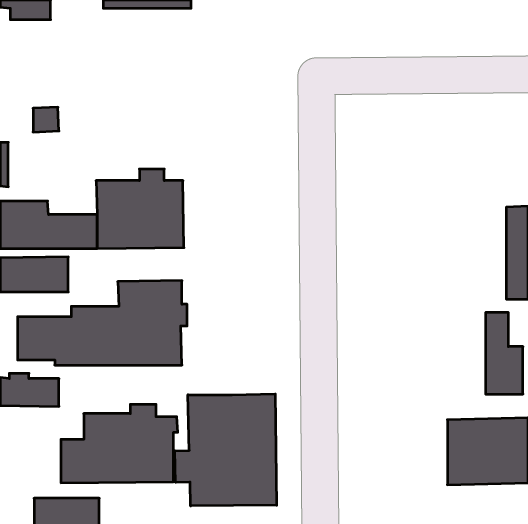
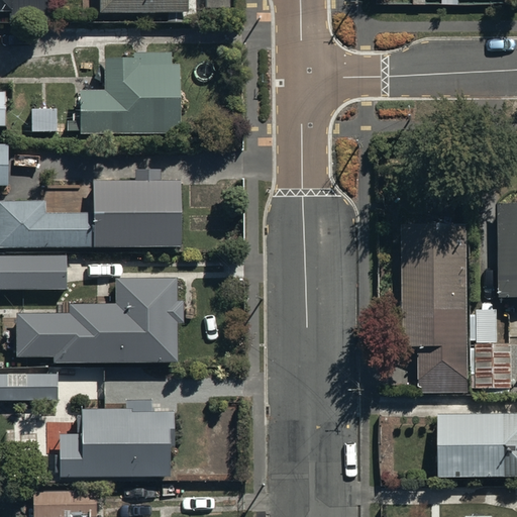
building: none -> [68,54,180,133]
building: none -> [397,222,469,394]
building: [175,394,277,506] -> none

